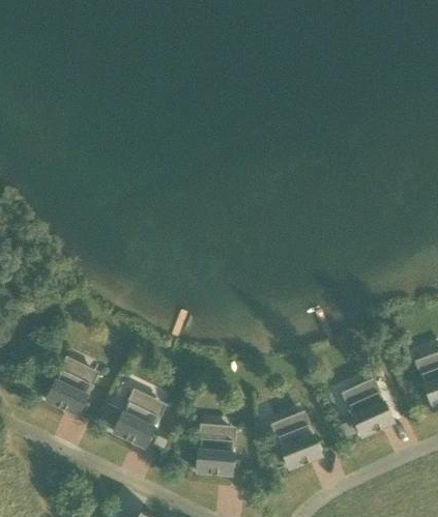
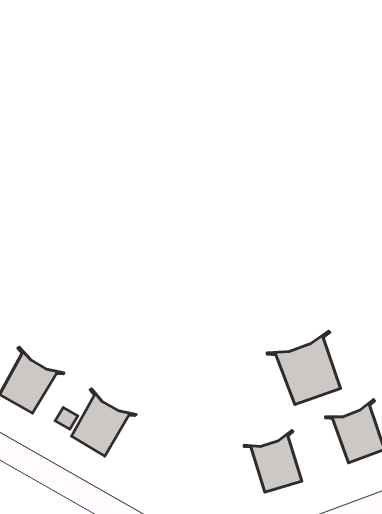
building: none -> [267,331,341,405]
building: [195,421,241,469] -> none

